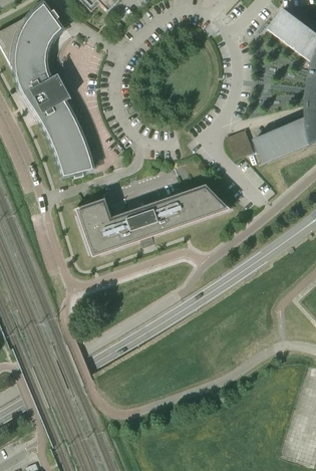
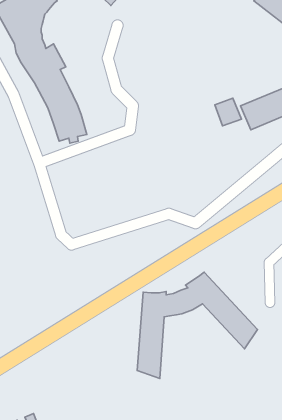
building: [74,184,230,257] -> none
building: none -> [137,272,257,378]

